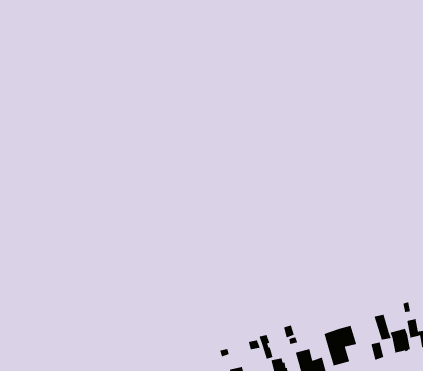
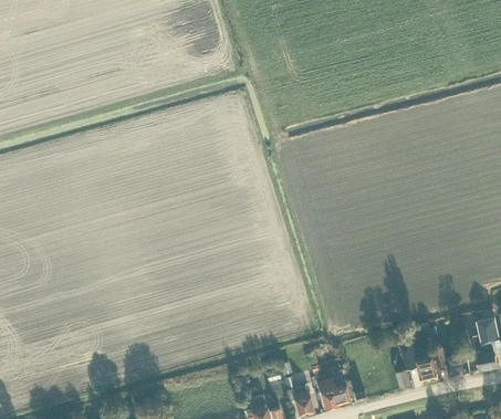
building: [323,325,357,367] -> none

